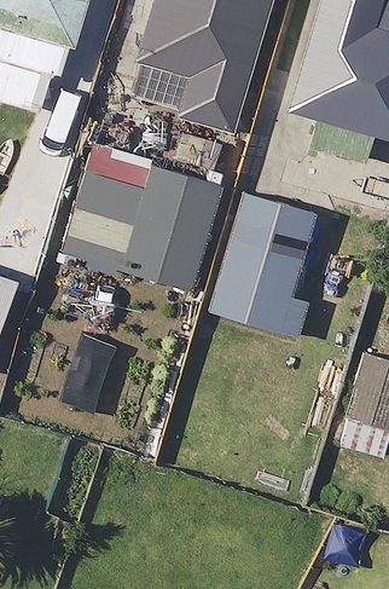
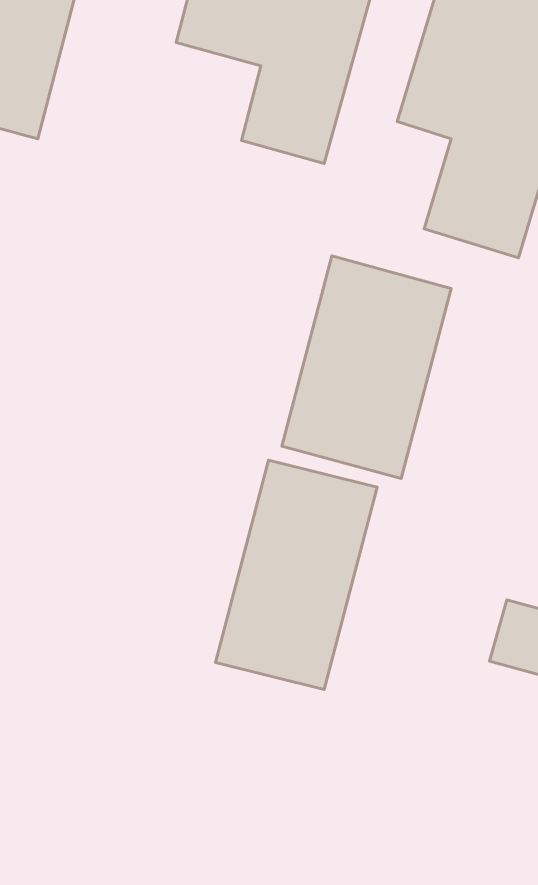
building: [64,146,222,288] -> none
building: none -> [215,460,377,689]

